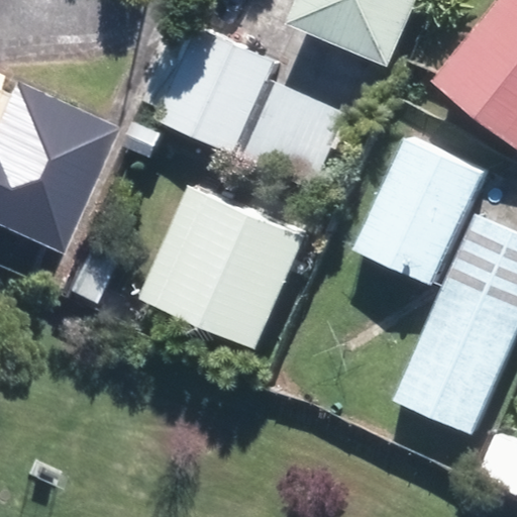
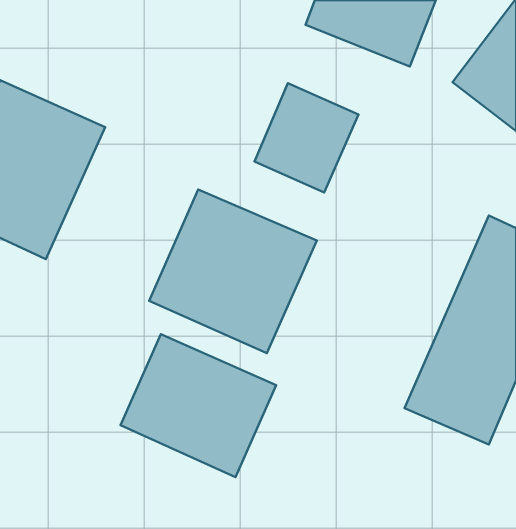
building: [159,26,278,153] -> none
building: [356,137,482,284] -> none
building: none -> [120,334,276,477]

